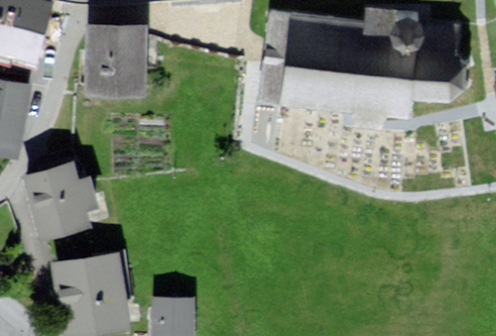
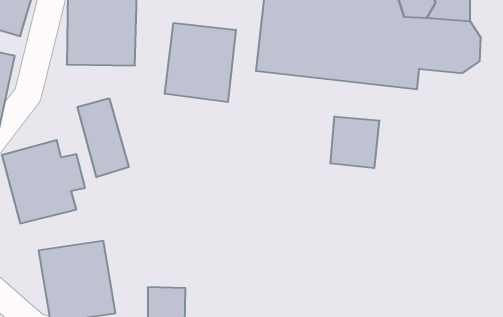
building: none -> [165,23,236,102]
building: none -> [77,98,129,177]
building: none -> [331,116,379,168]

